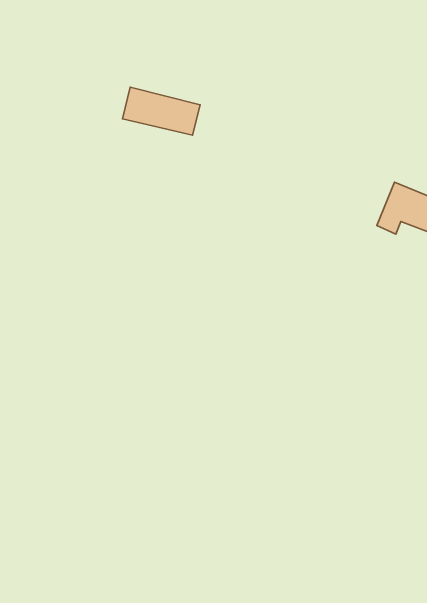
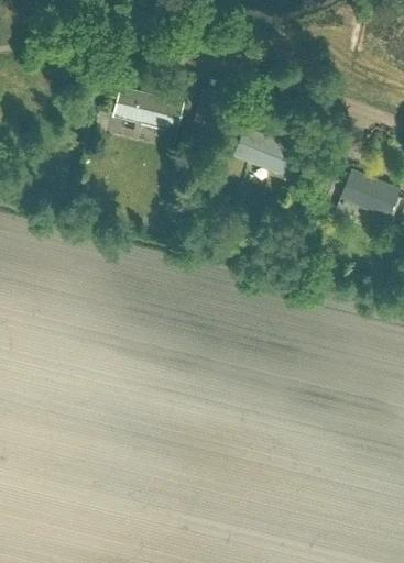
building: none -> [227,125,292,172]

